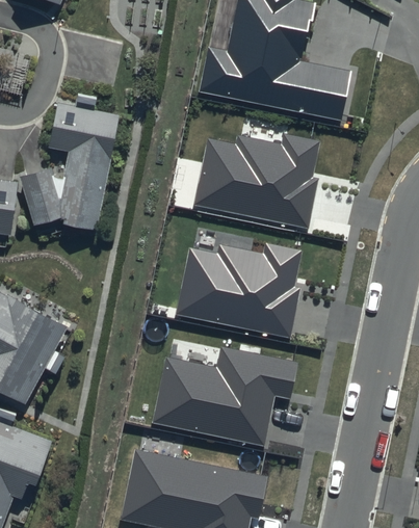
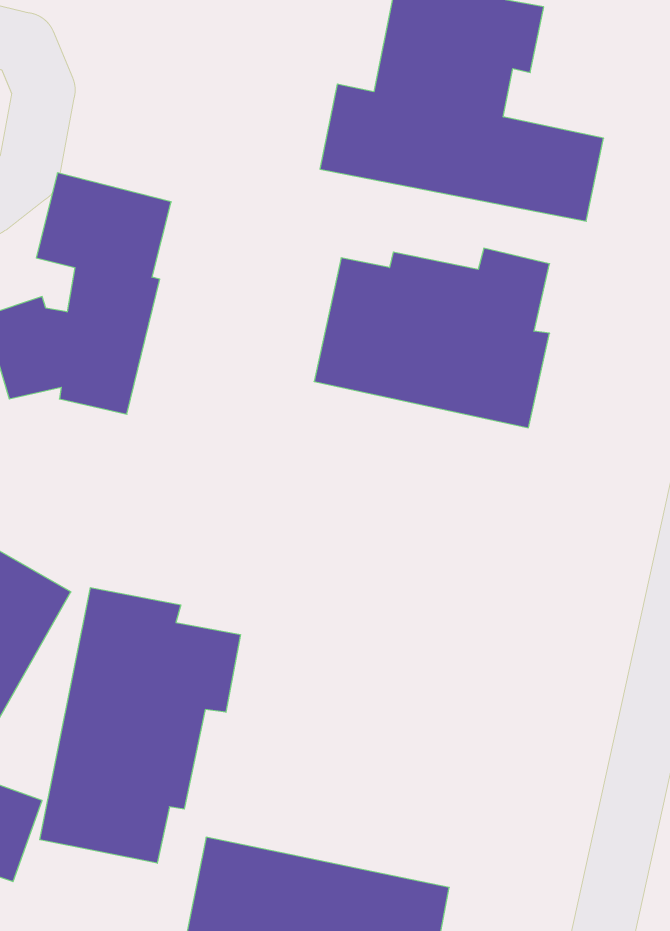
building: [177,245,303,341] -> none
building: none -> [40,588,240,863]
building: [152,349,298,449] -> none

